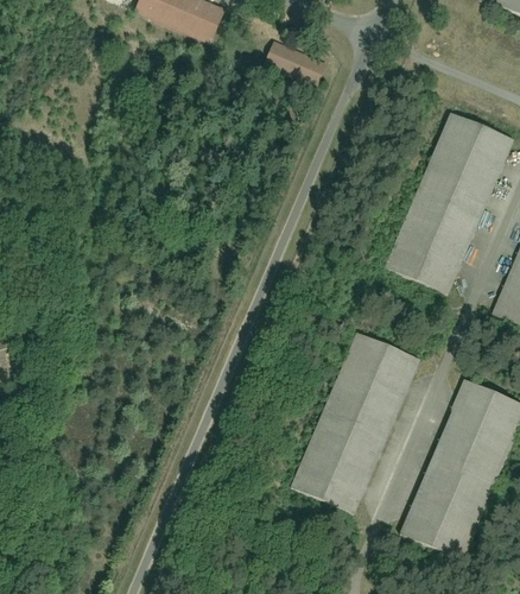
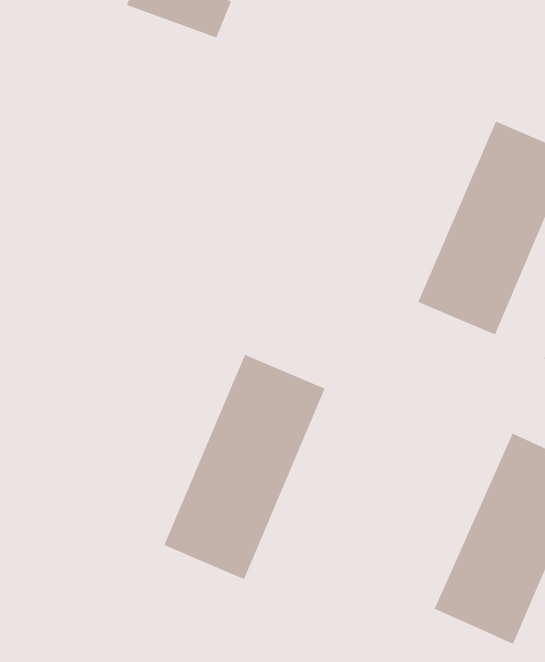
building: [264,33,315,78] -> none
building: [286,326,426,520] -> [163,354,325,580]

